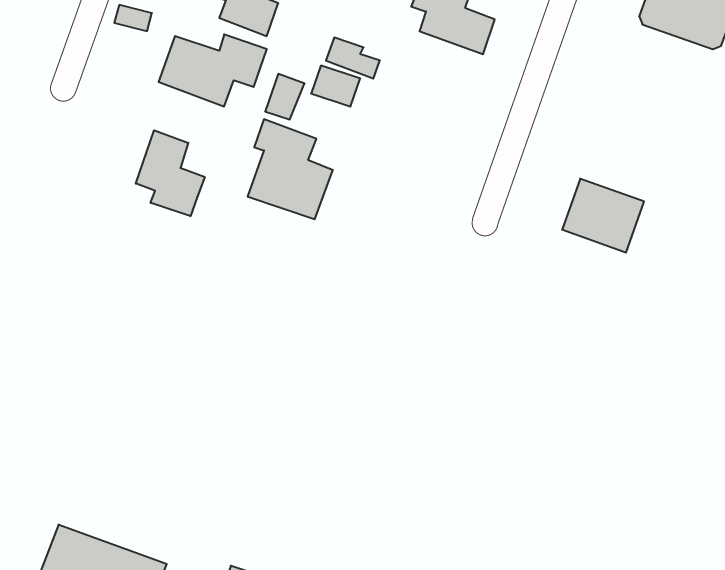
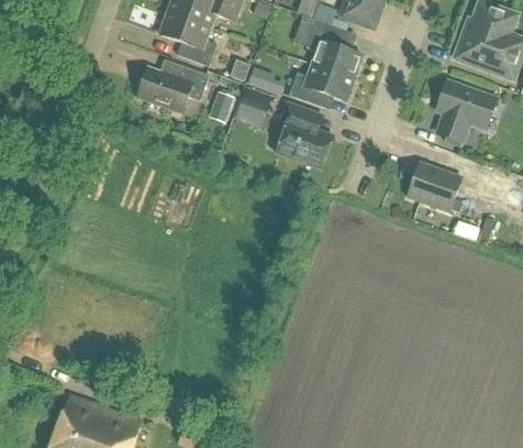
building: none -> [288,62,354,106]
building: none -> [430,78,491,140]
building: [248,119,333,219] -> [276,100,333,167]
building: [136,130,205,216] -> none

